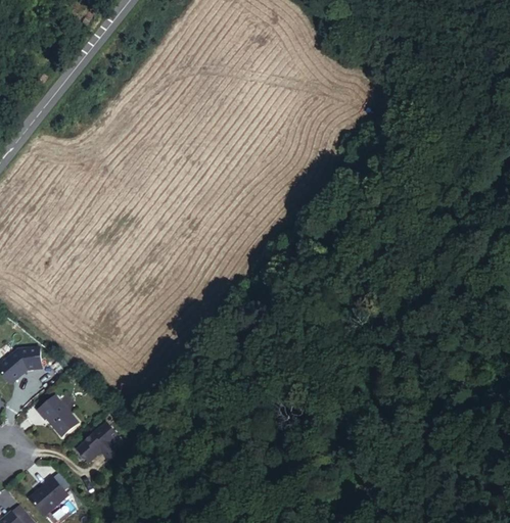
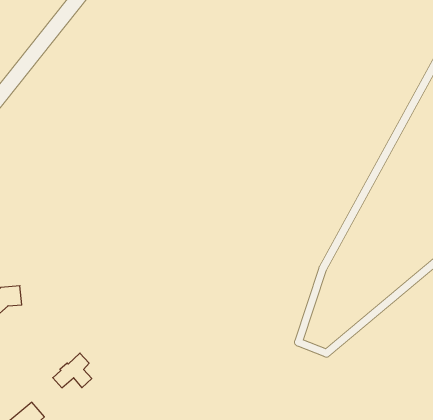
building: [38,395,79,436] -> none

